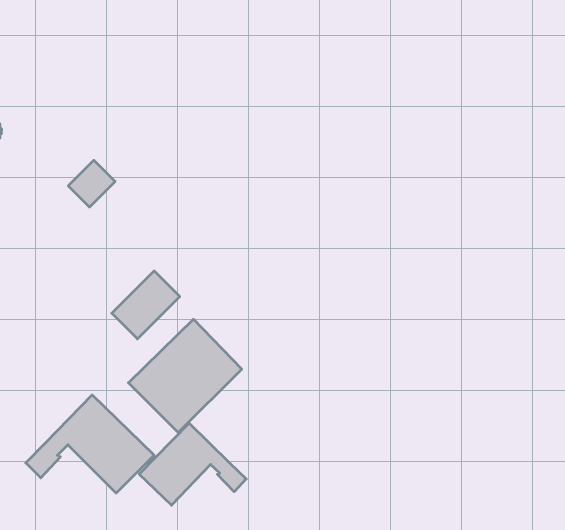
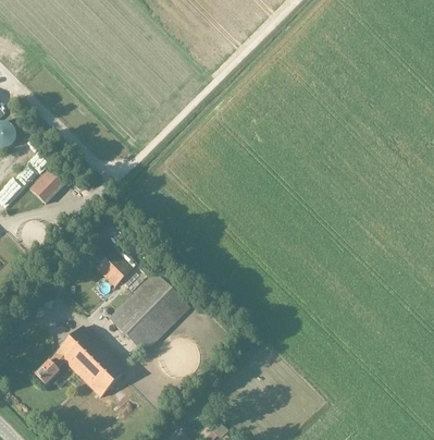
building: [68,160,115,207] -> [29,169,63,203]
building: [139,423,246,505] -> none

